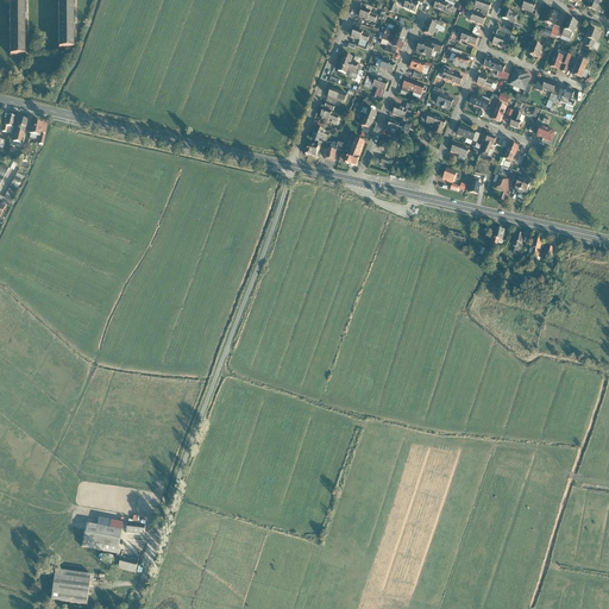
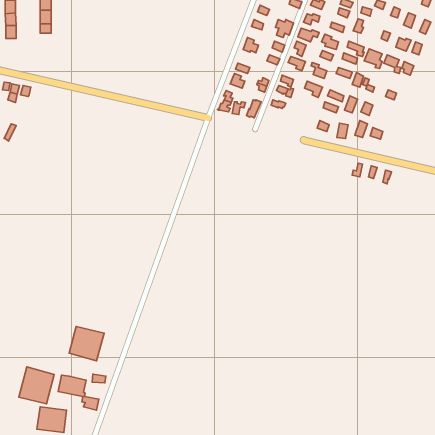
building: none -> [69,326,104,361]
building: none -> [19,367,54,404]

